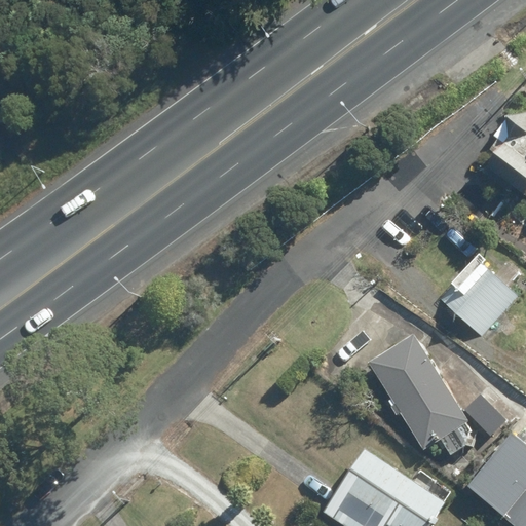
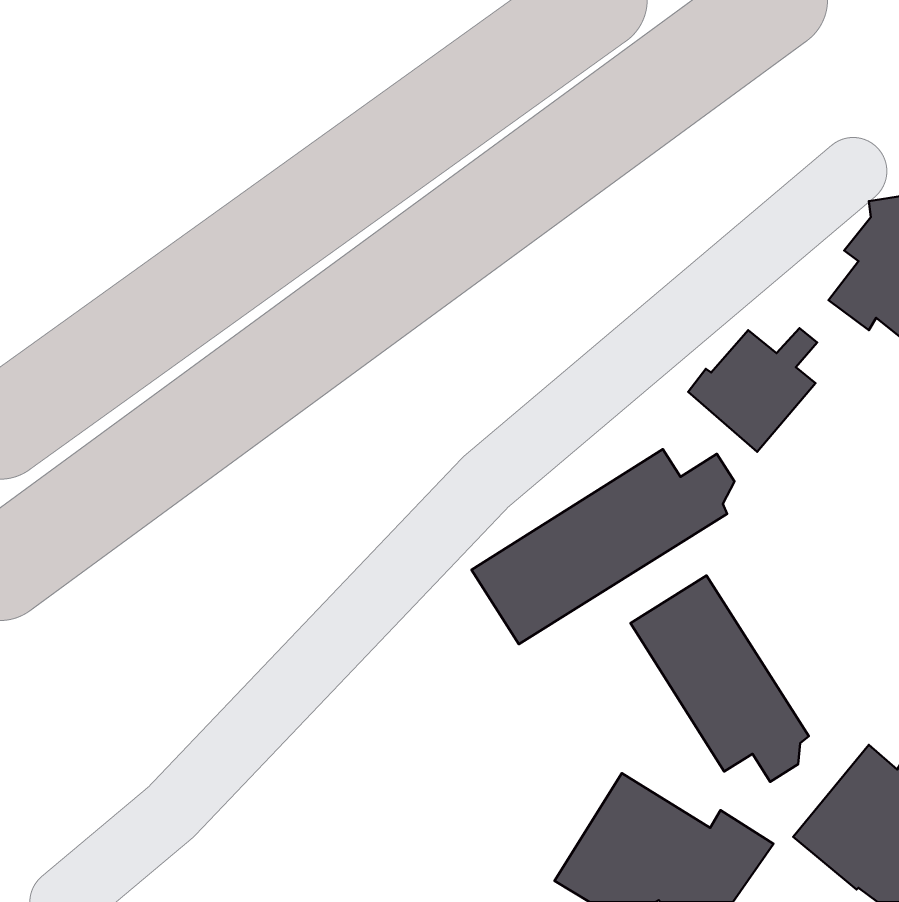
building: none -> [472,449,734,644]
building: [444,263,519,335] -> [688,328,817,452]

